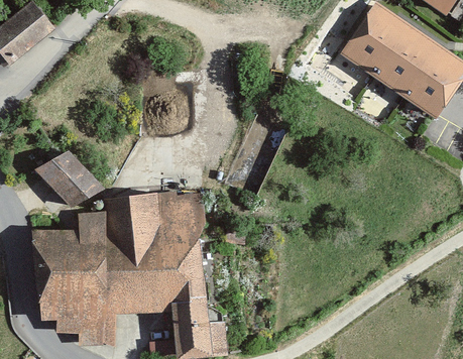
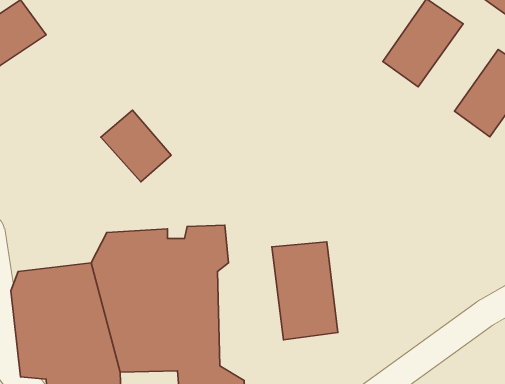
building: [367,22,434,95] -> none
building: [39,144,98,204] -> [101,110,171,182]
building: none -> [272,242,338,340]

